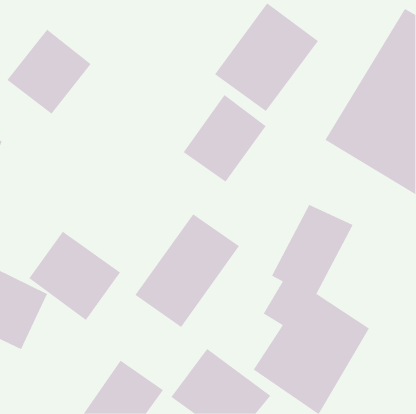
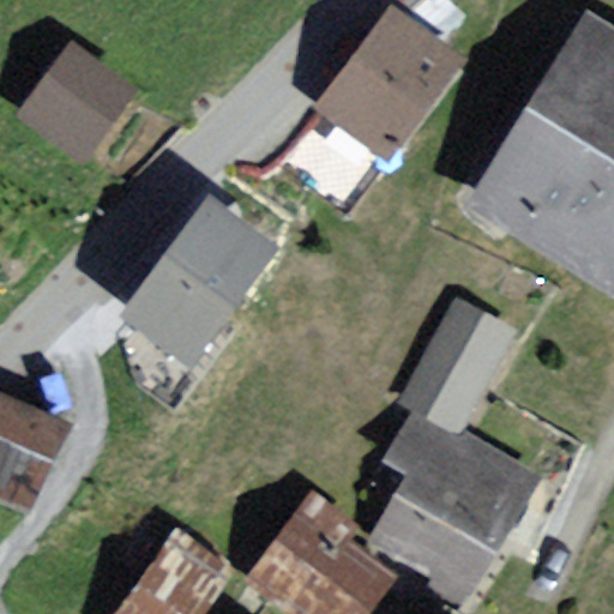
building: [183,94,267,183] -> none
building: [134,213,240,328] -> [127,199,281,366]
building: [28,231,121,321] -> none

